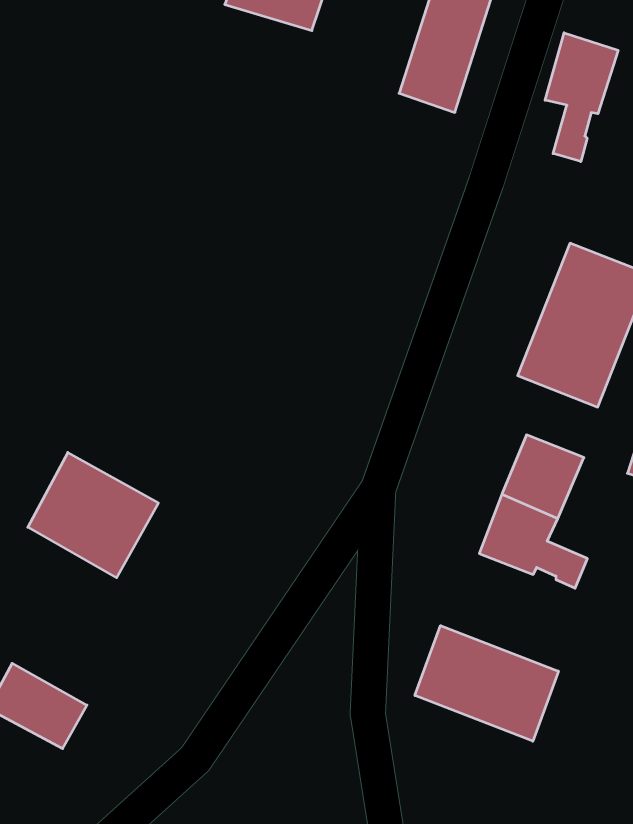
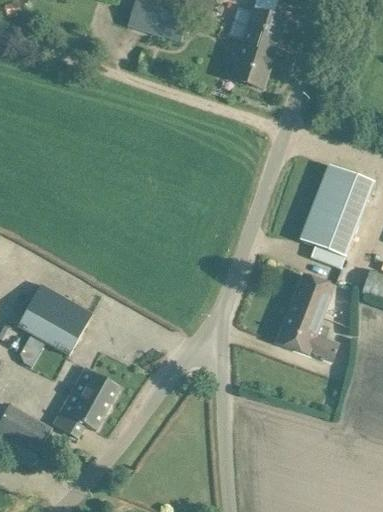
building: [545,33,618,162] -> none
building: none -> [52,367,119,438]
building: [415,626,558,741] -> none

